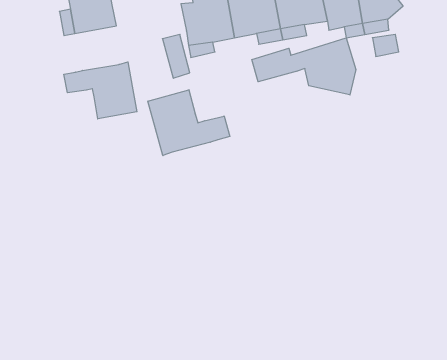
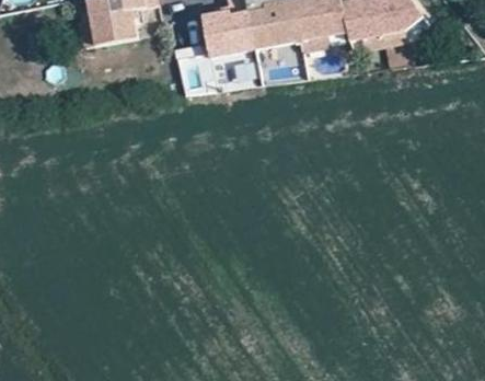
building: [252,38,356,95] -> none
building: [64,62,137,119] -> none
building: [148,90,230,156] -> none

